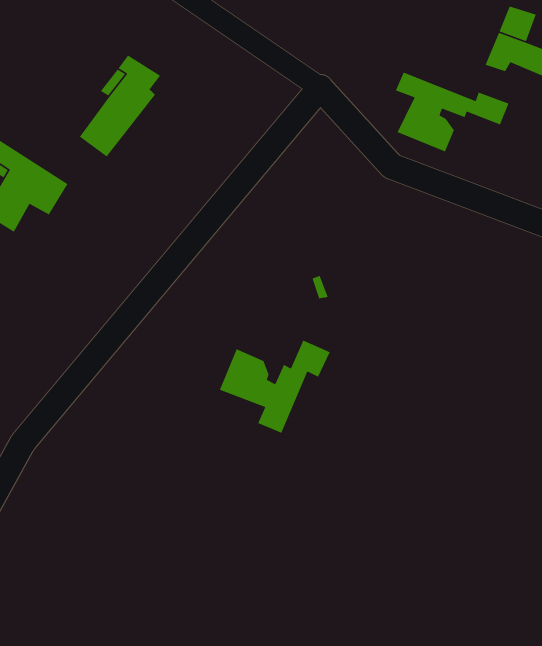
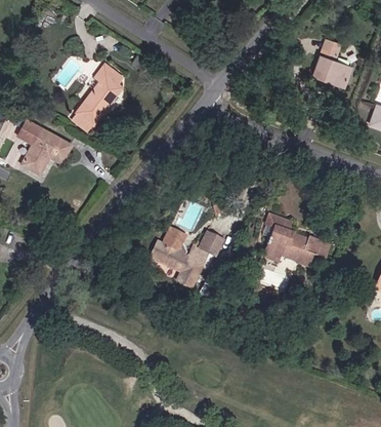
building: [395,71,510,152] -> none
building: none -> [254,209,316,264]

